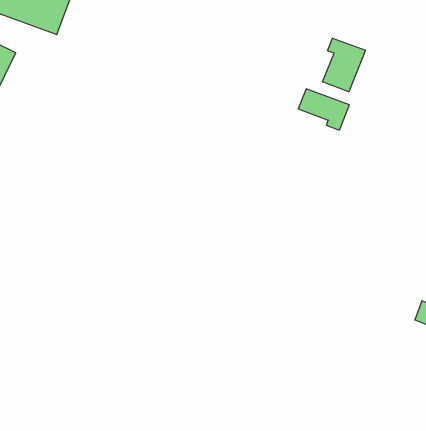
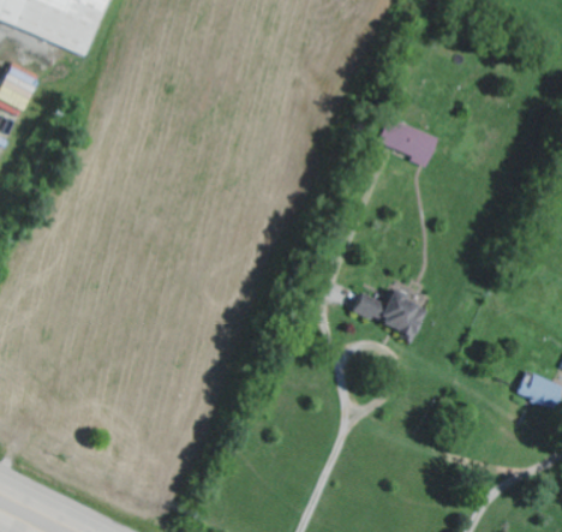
building: [322,38,365,92] -> none
building: none -> [351,292,426,336]

